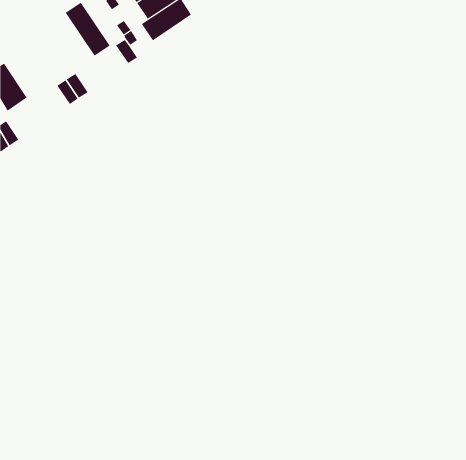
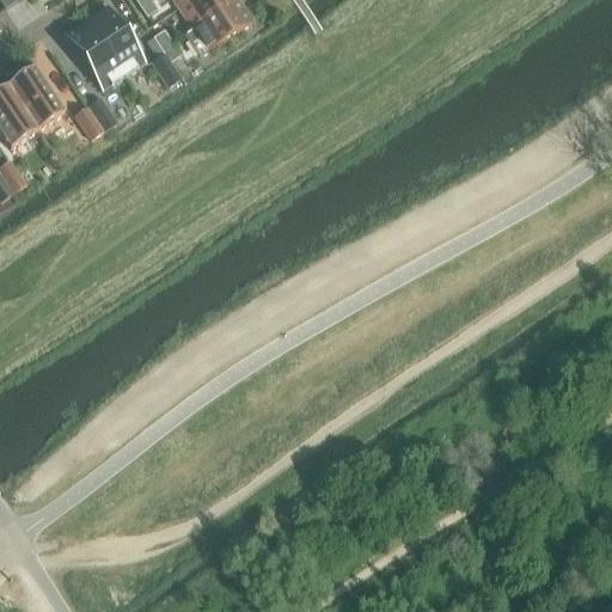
building: none -> [63,17,123,88]
building: none -> [6,65,63,128]

